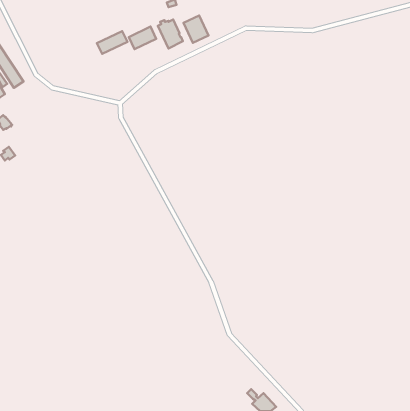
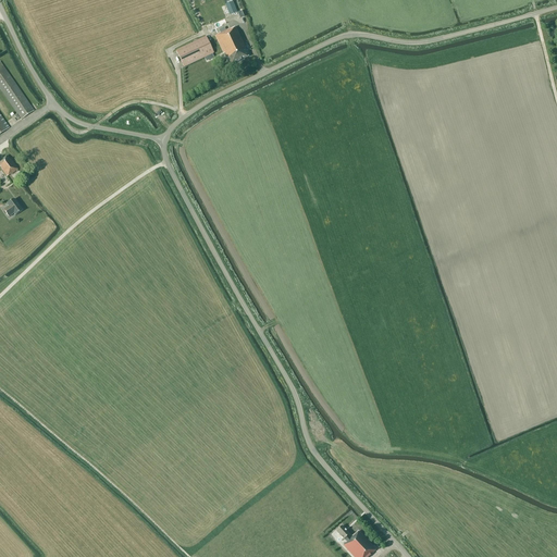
building: [183,15,208,43] -> none
building: [97,31,127,54] -> none

